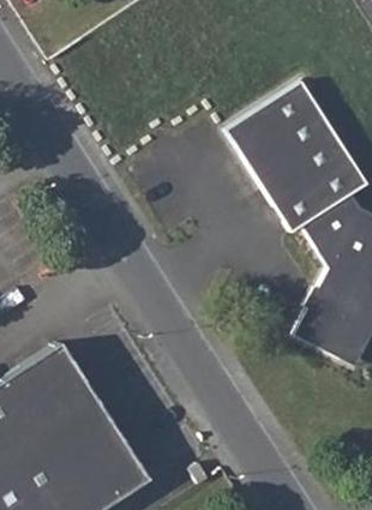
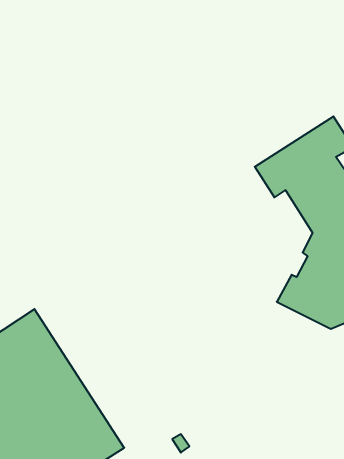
building: [227,82,350,204] -> none

